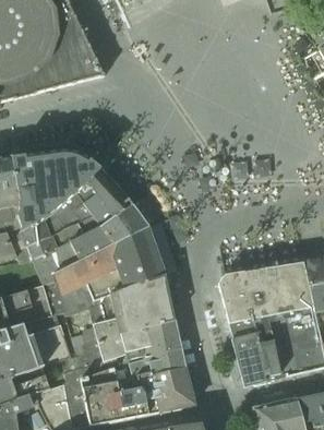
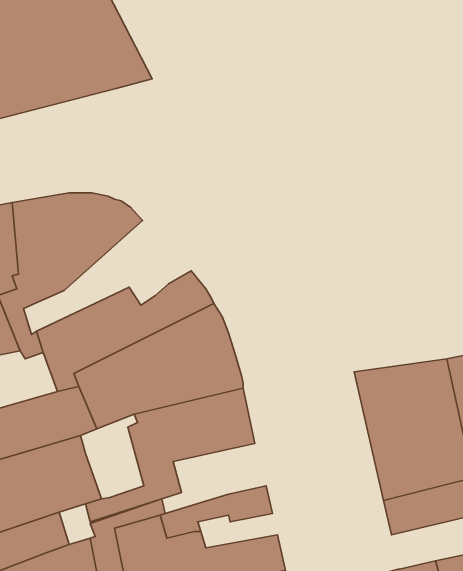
building: [19,170,131,247] -> none
building: [217,272,265,385] -> none
building: [111,320,181,367] -> none
building: [135,367,189,390] -> none

